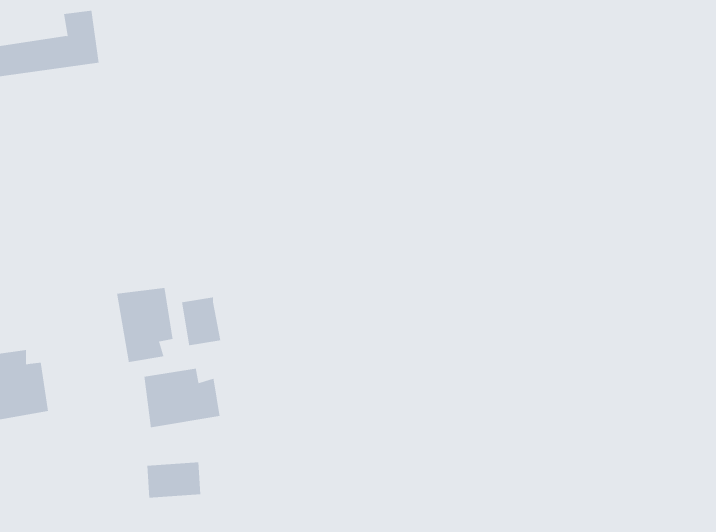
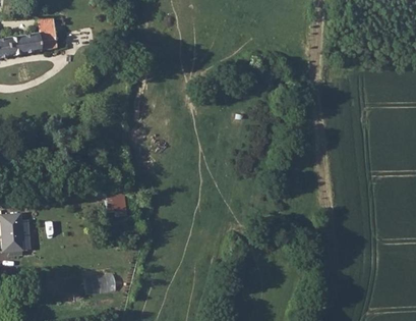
building: [117,287,173,363] -> none
building: [144,368,220,428] -> none

